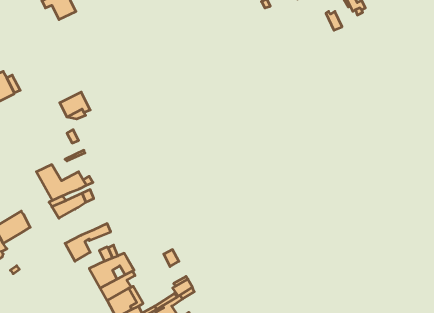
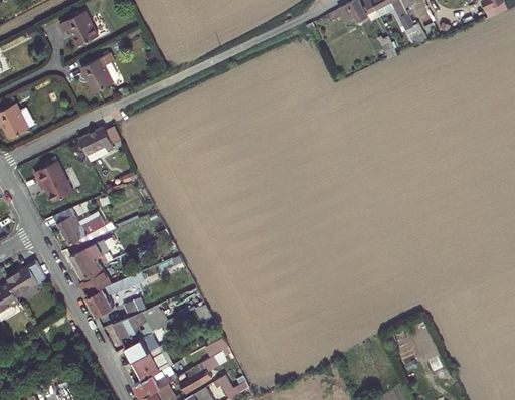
building: none -> [80,53,112,92]
building: none -> [35,162,74,203]
building: none -> [77,258,117,295]

